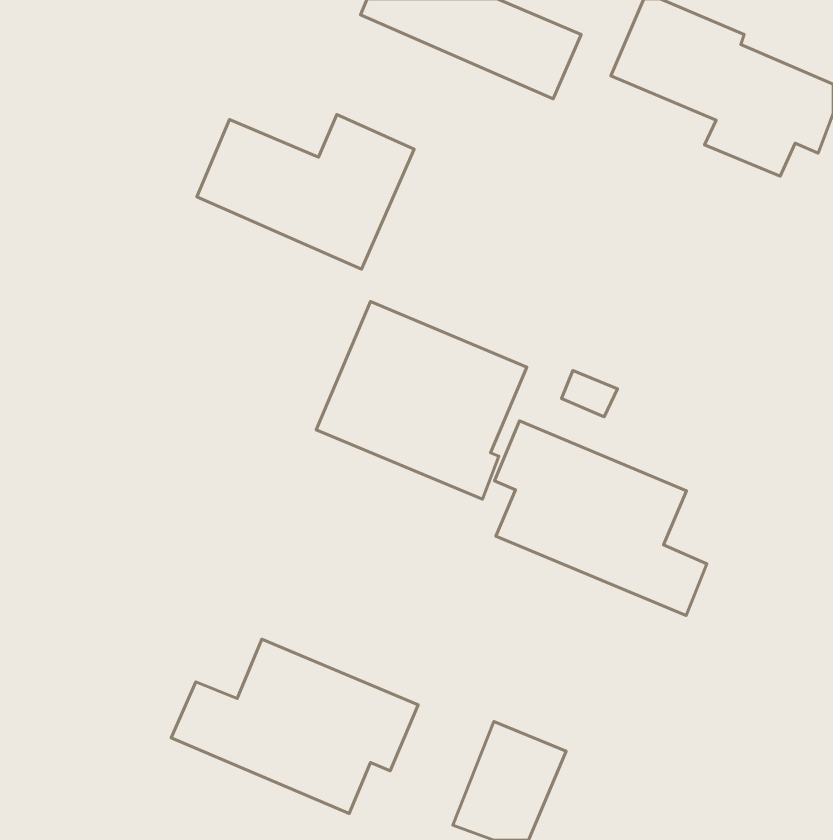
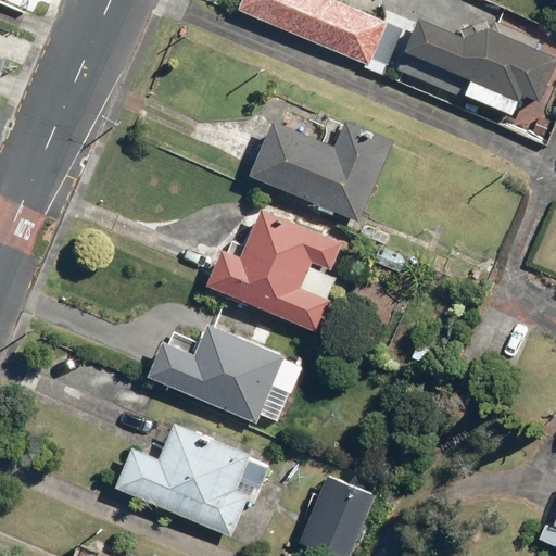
building: [197,114,414,269] -> [251,121,394,223]
building: [494,421,707,615] -> none
building: none -> [148,321,301,425]

